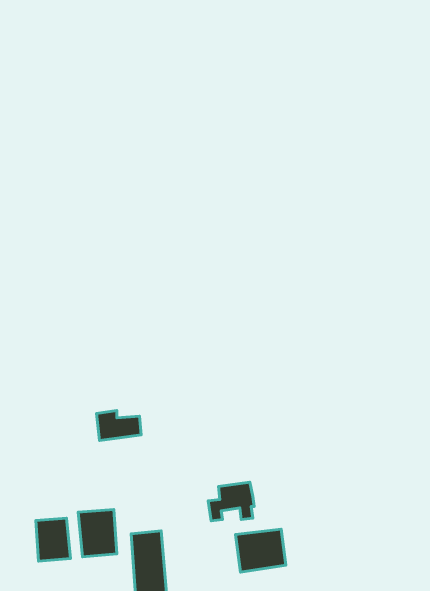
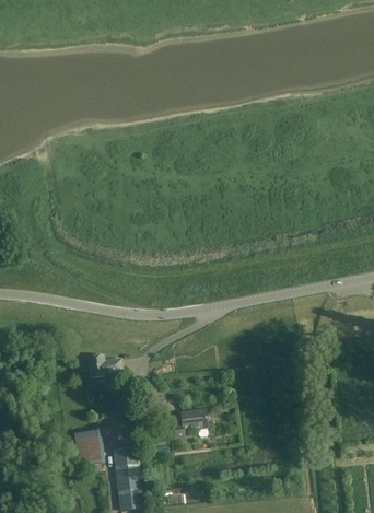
building: [36,518,70,561] -> none
building: [235,529,286,572] -> none

